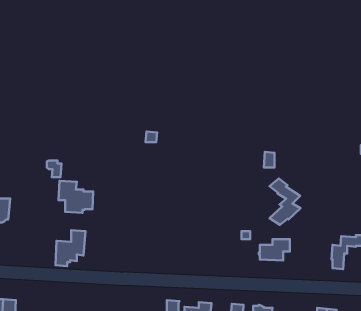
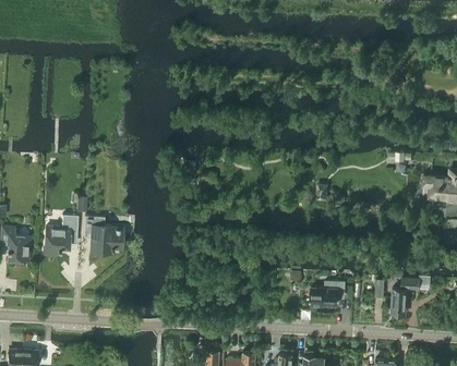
building: [269,178,300,225] -> none
building: [56,230,86,266] -> [45,214,79,254]

